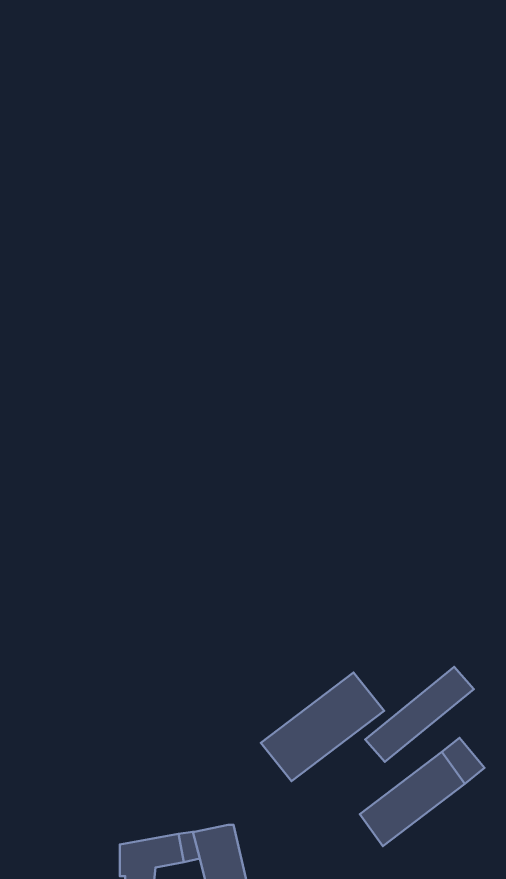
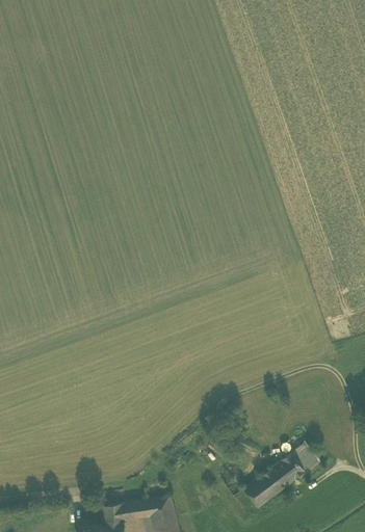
building: [365,667,474,762] -> none
building: [261,672,384,781] -> none

